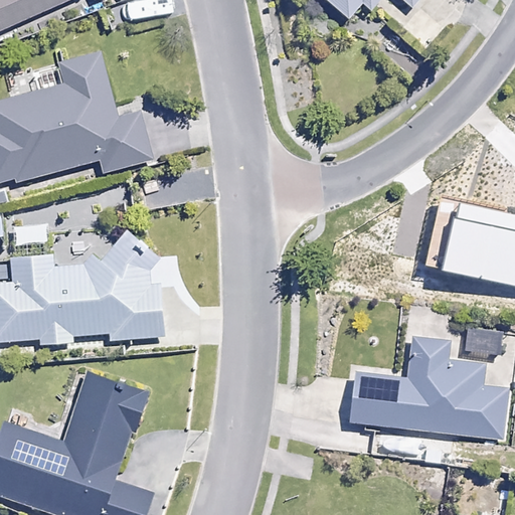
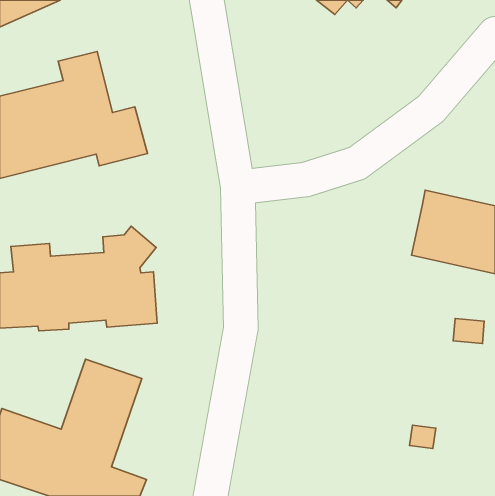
building: [349,337,509,441] -> none

